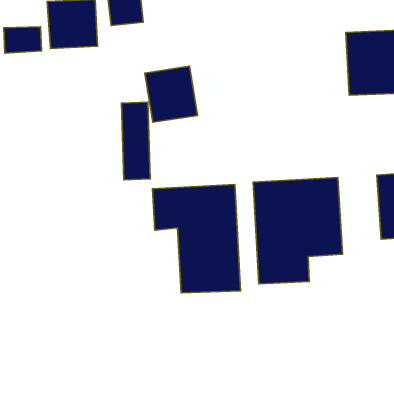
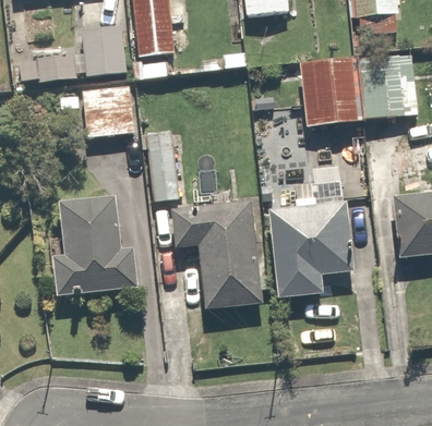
building: none -> [299,59,357,126]
building: [145,66,197,122] -> [85,85,135,138]
building: none -> [47,191,135,294]

